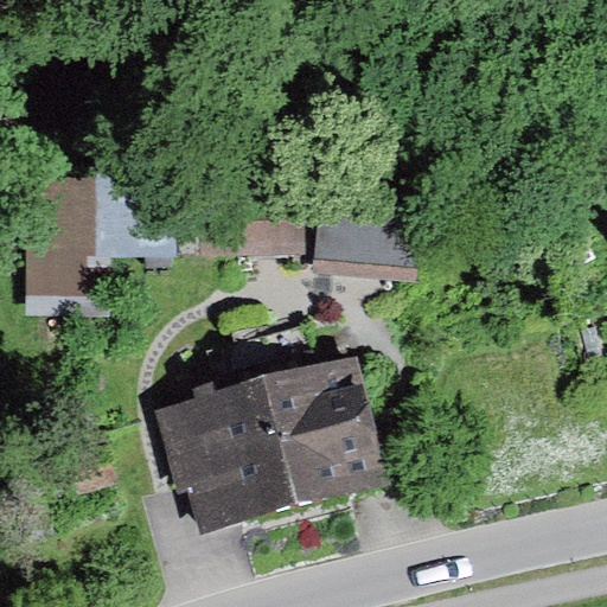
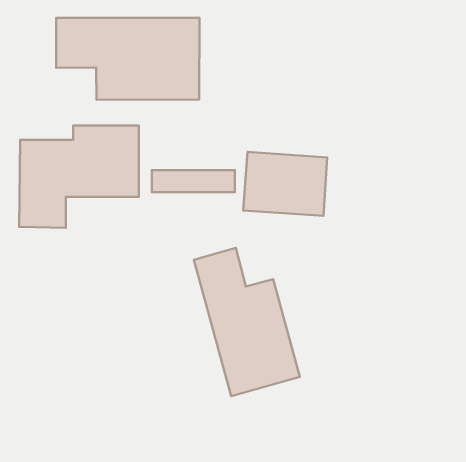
building: none -> [56,18,199,100]
building: [164,337,300,542] -> none

